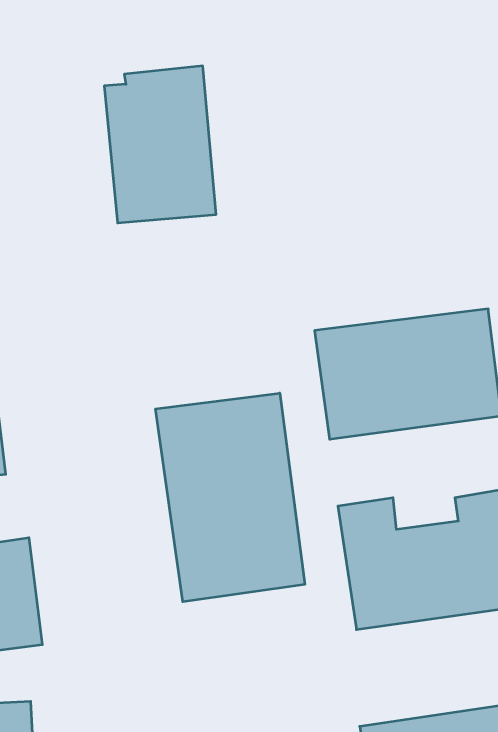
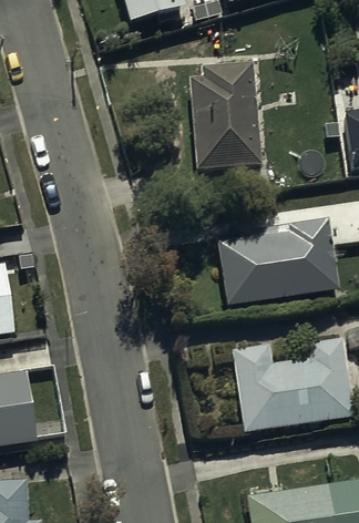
building: [104,66,216,223] -> [188,63,263,167]
building: [156,393,305,602] -> none

